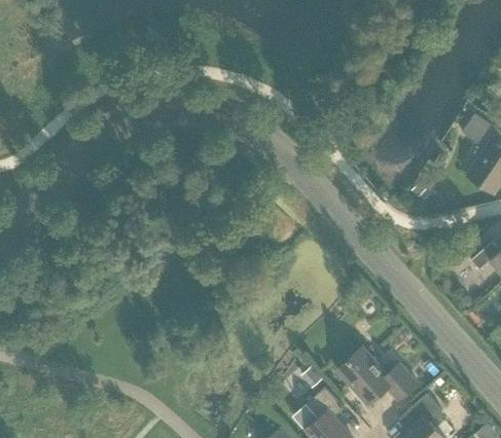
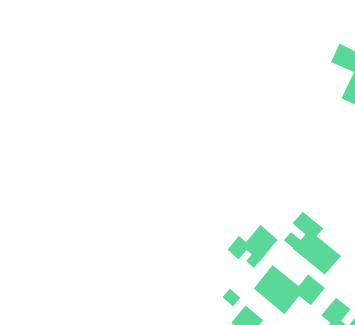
building: none -> [283,211,342,276]
building: none -> [227,224,278,269]

